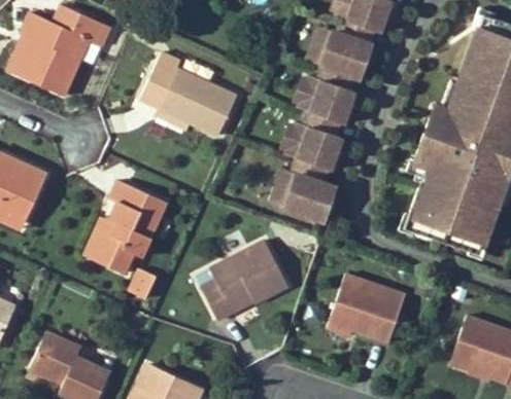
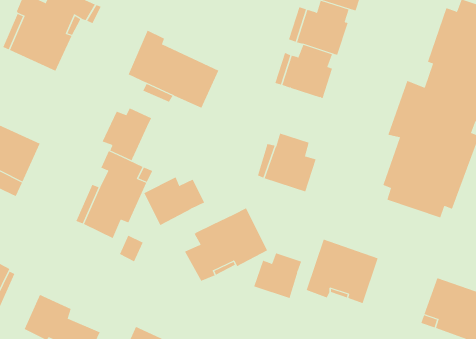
building: [291,114,345,173] -> none
building: none -> [102,108,152,161]
building: none -> [143,177,205,226]
building: none -> [254,252,302,299]

